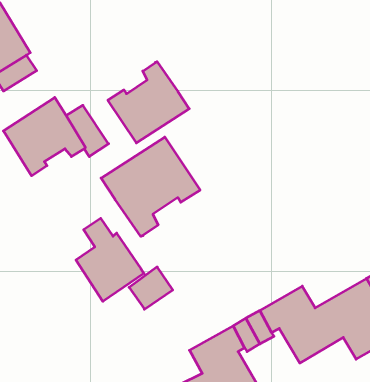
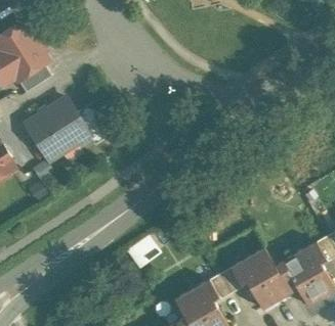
building: [108,62,189,143] -> none
building: [101,137,200,236] -> none
building: [76,218,144,301] -> none

